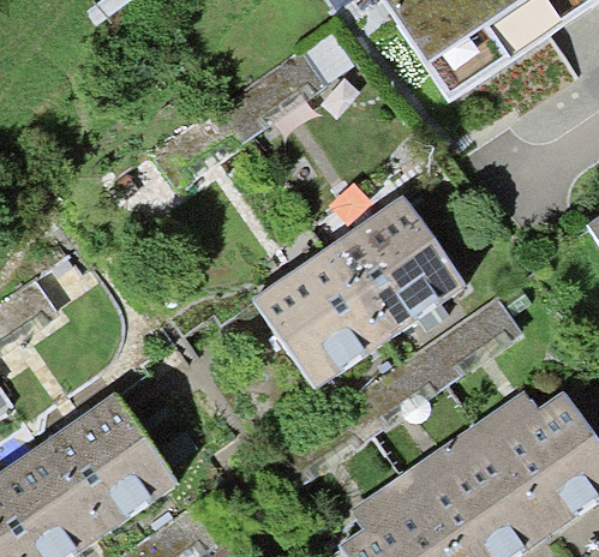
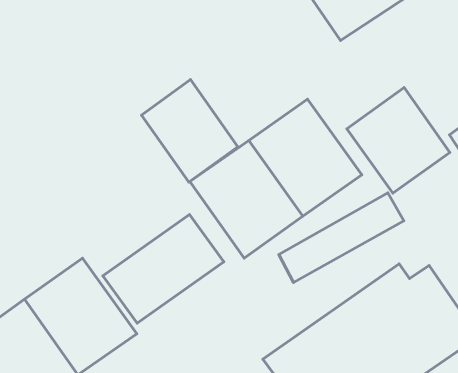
building: none -> [141,80,238,182]
building: none -> [347,88,450,193]
building: none -> [103,214,224,323]

